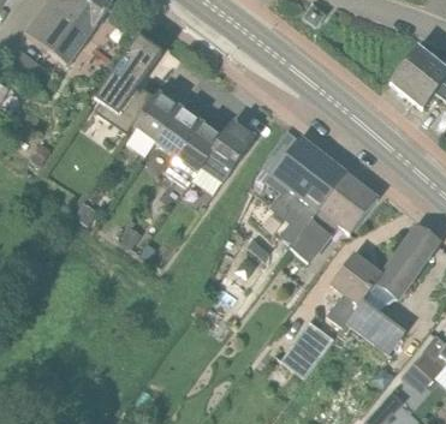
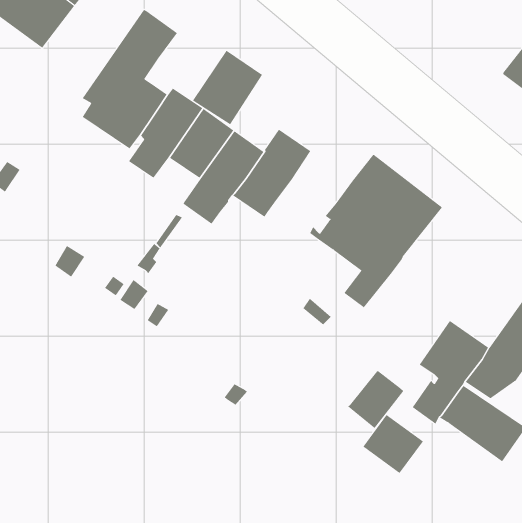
building: none -> [192,50,263,125]
building: [320,174,377,232] -> none
building: [291,221,331,262] -> [348,371,404,429]

